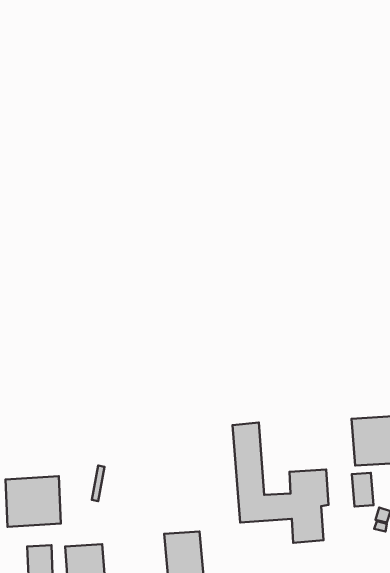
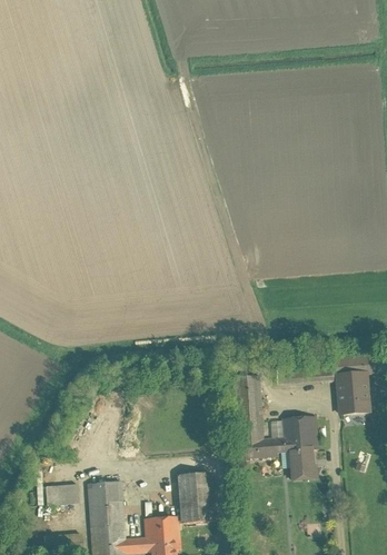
building: [352,473,373,507] -> none
building: [5,476,61,527] -> none

